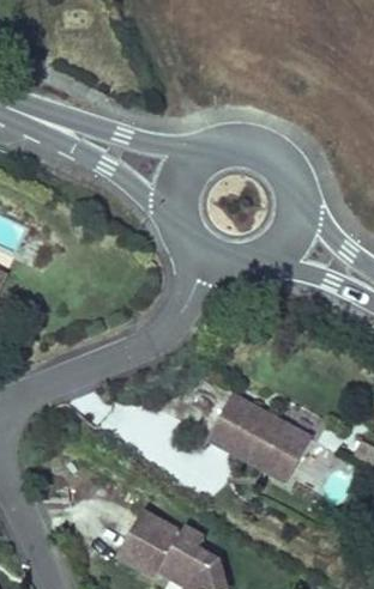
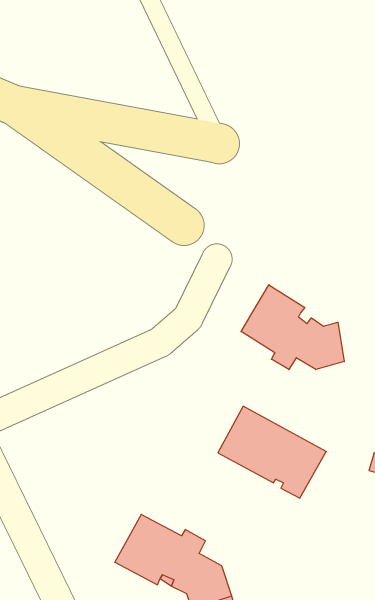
building: none -> [241,285,344,370]

